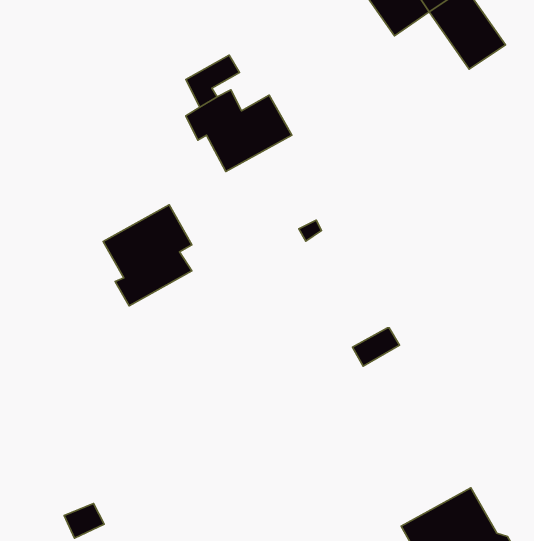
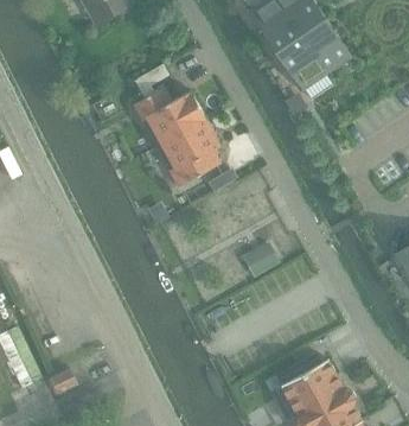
building: none -> [276,34,327,90]
building: [103,205,192,306] -> [161,119,222,187]

